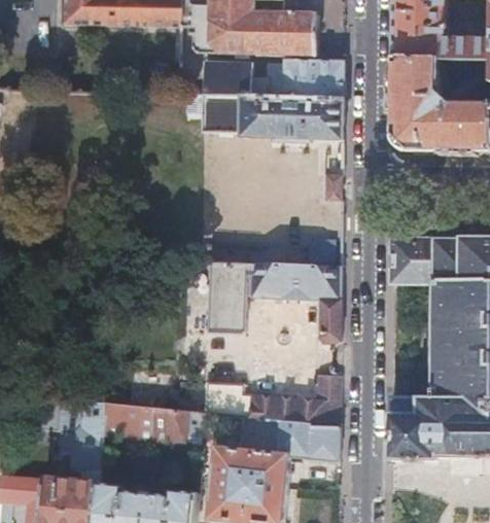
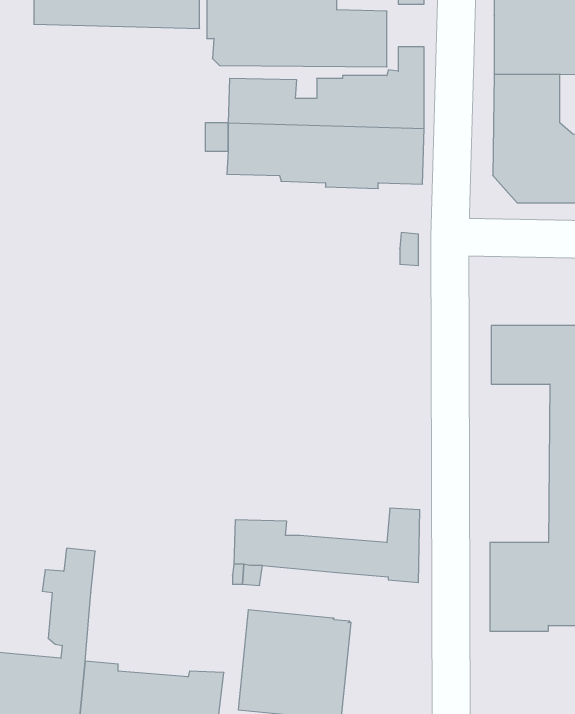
building: [208,260,340,341] -> none
building: [102,404,190,441] -> none
building: [276,419,338,460] -> none

